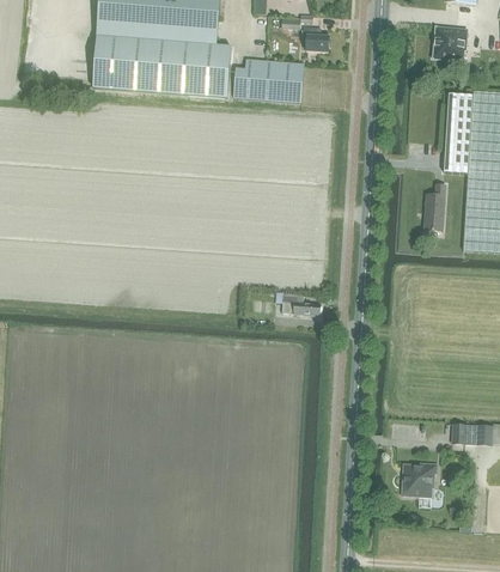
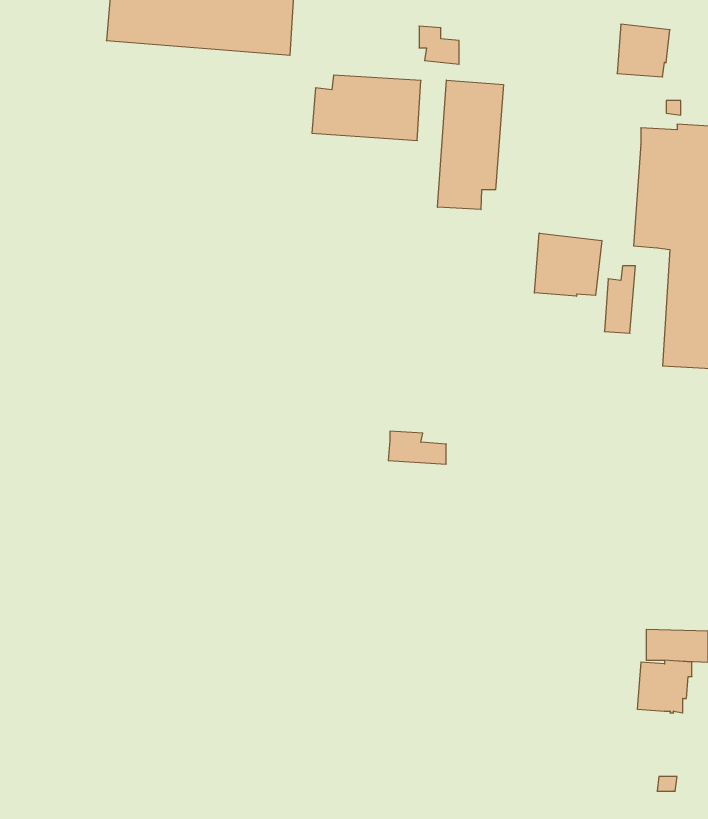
building: [93,35,232,97] -> none
building: none -> [438,80,503,210]
building: none -> [534,233,602,296]
building: [402,461,438,495] -> [637,660,692,713]

